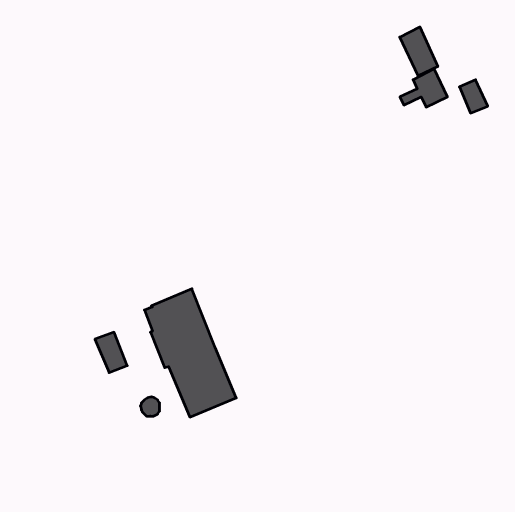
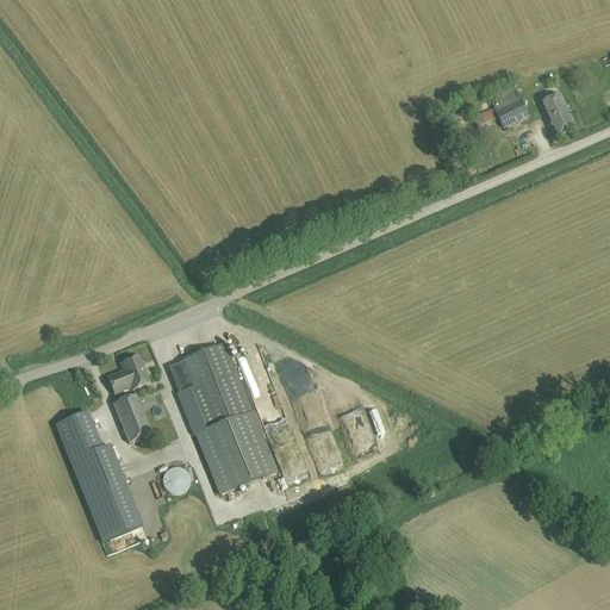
building: [400,27,438,76] -> none
building: none -> [107,354,149,391]
building: none -> [56,412,143,542]

